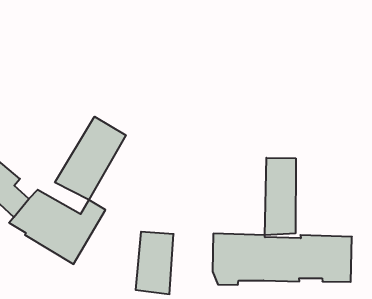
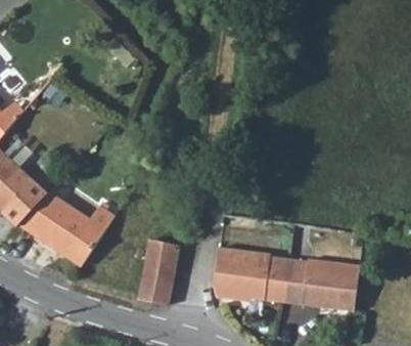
building: [55,117,126,200] -> none
building: [265,158,296,235] -> none

